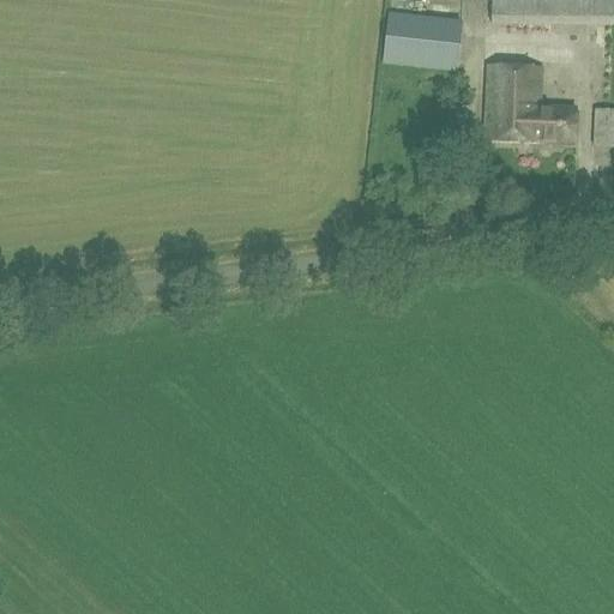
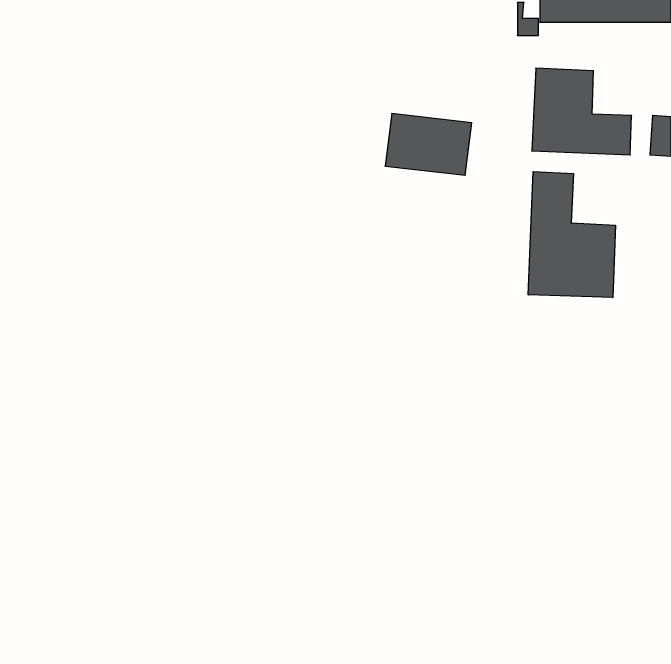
building: [383,11,462,67] -> [385,114,472,175]
building: none -> [528,172,615,298]

